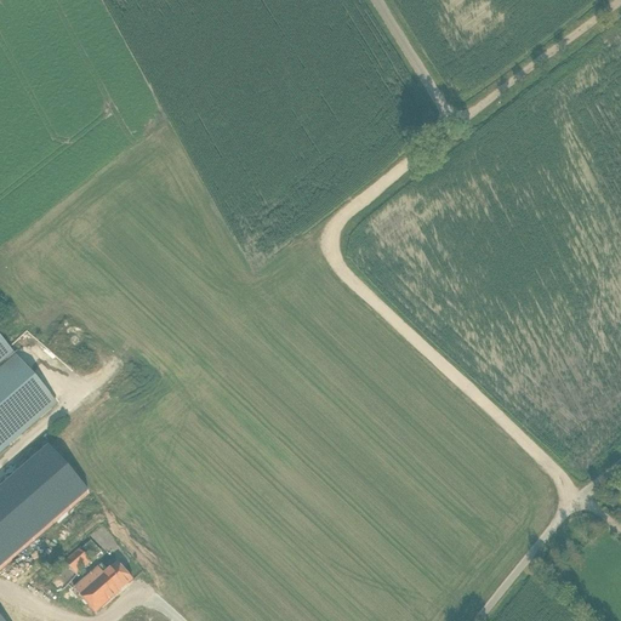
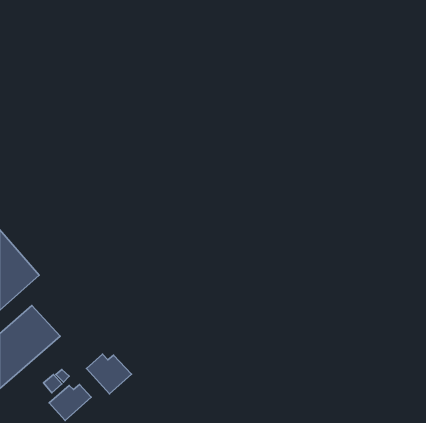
building: none -> [86,354,131,394]

